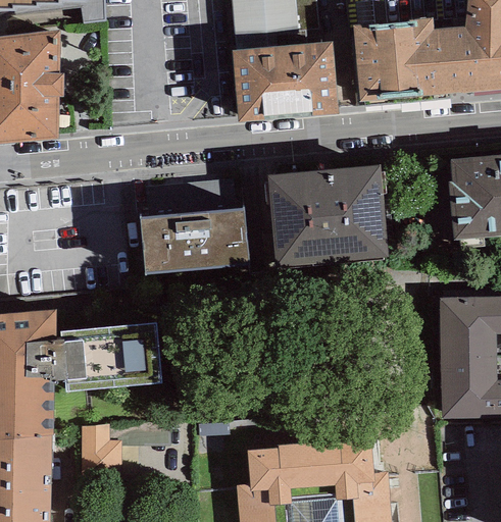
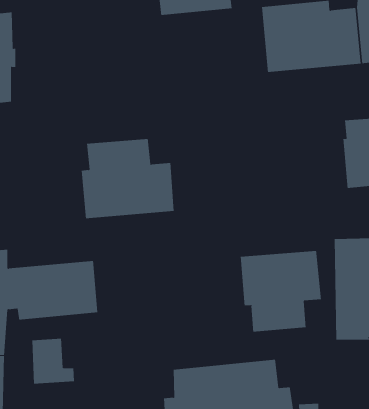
building: [233,42,339,122] -> none
building: [266,165,387,267] -> none
building: none -> [240,250,321,333]

